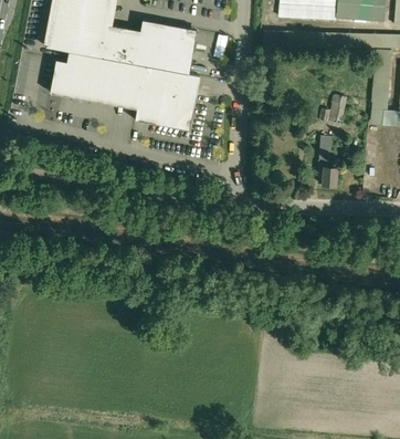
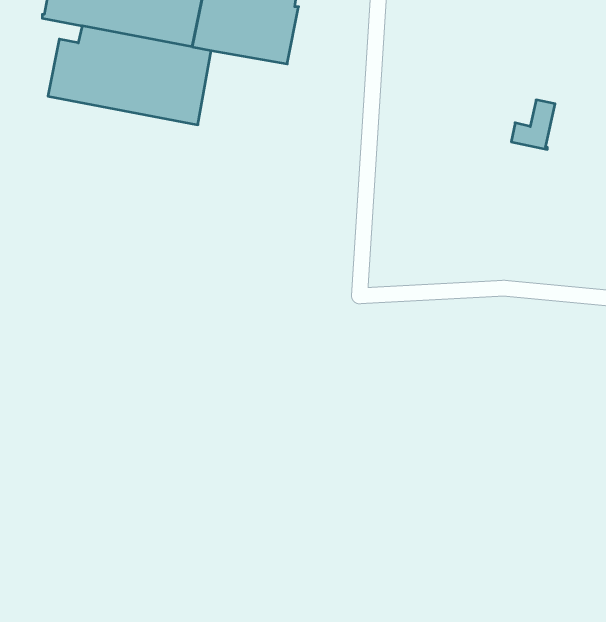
building: [135,66,200,130] -> none
building: [317,135,337,186] -> none

